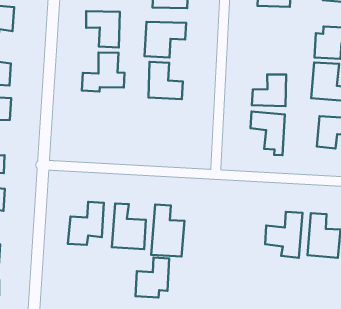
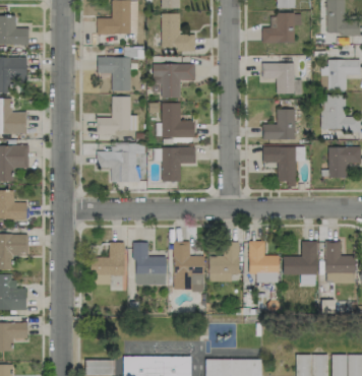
building: none -> [262,62,301,93]
building: none -> [96,143,146,181]
building: none -> [162,146,195,181]
building: none -> [248,240,278,281]
building: [136,257,169,298] -> [208,242,239,280]

